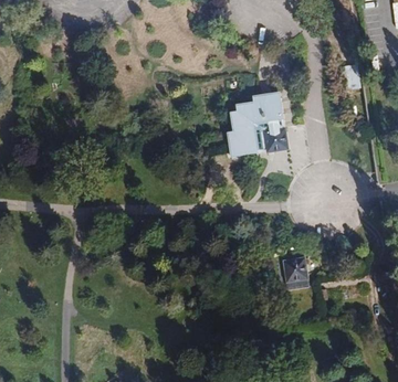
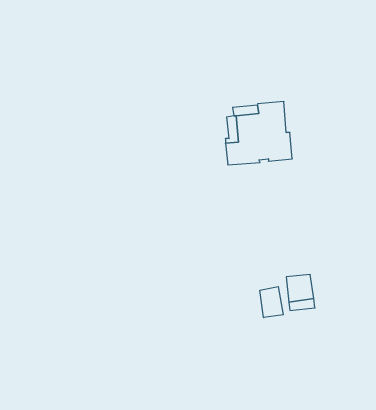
building: none -> [260,287,283,318]

